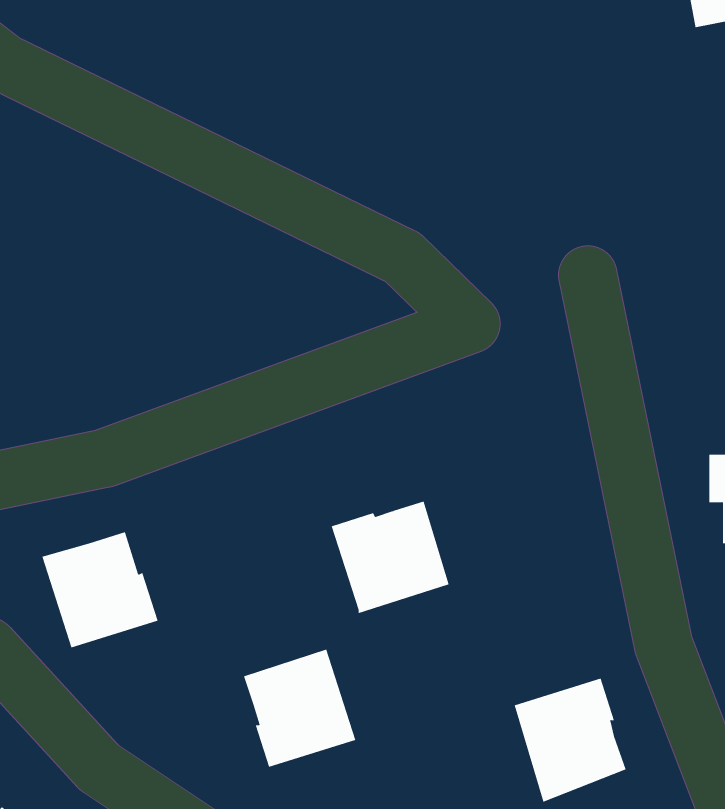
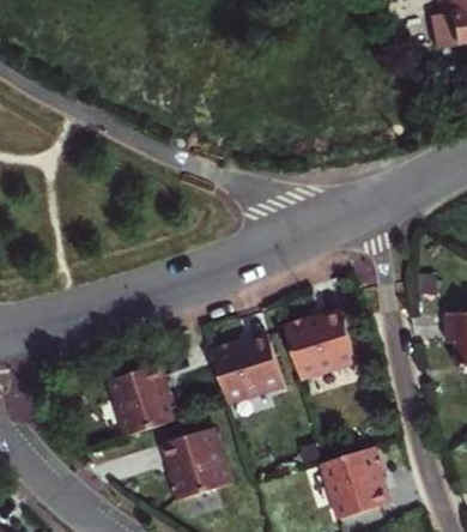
building: none -> [285,312,358,381]
building: [42,531,158,648] -> [105,364,177,436]

